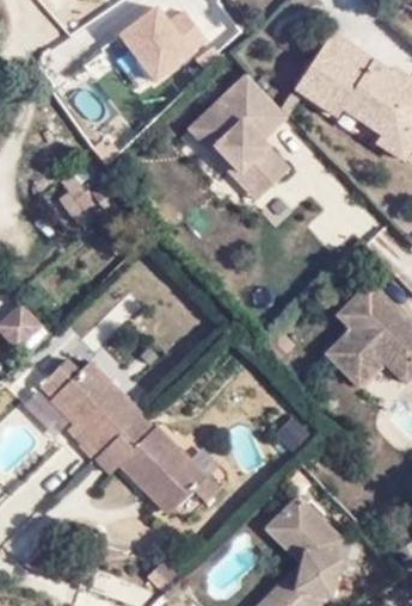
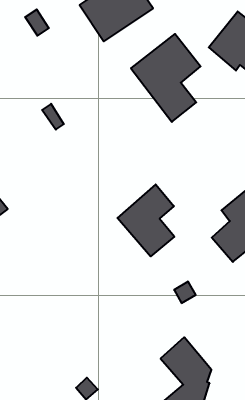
building: none -> [117,184,174,256]
building: [43,360,204,515] -> none

